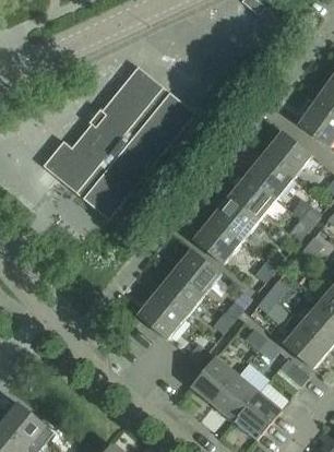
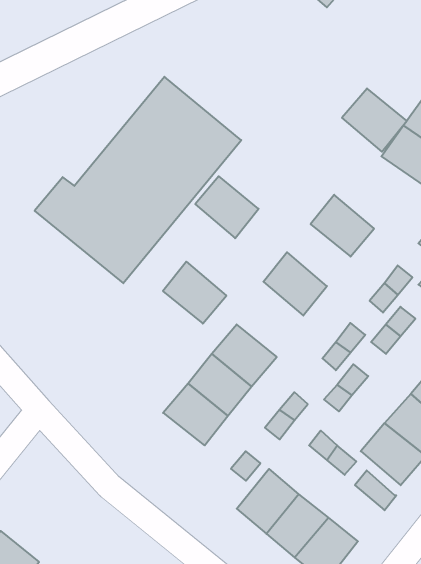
building: [264,131,312,178] -> [342,88,407,152]
building: [229,175,276,221] -> [195,176,259,238]
building: [194,217,241,263] -> [163,262,226,324]

